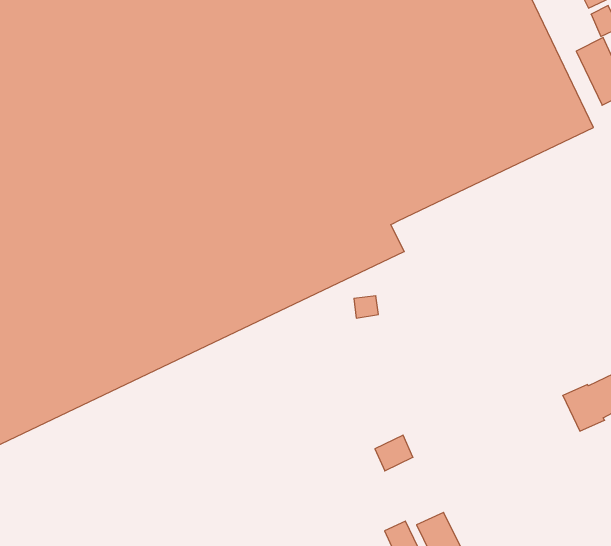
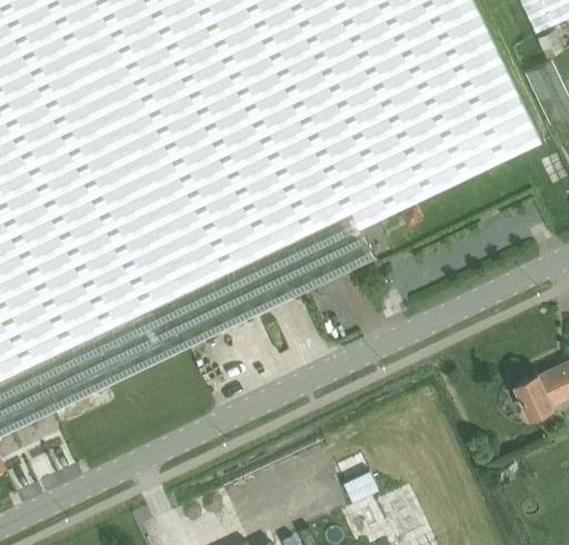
building: [375,435,413,471] -> [343,469,378,502]

